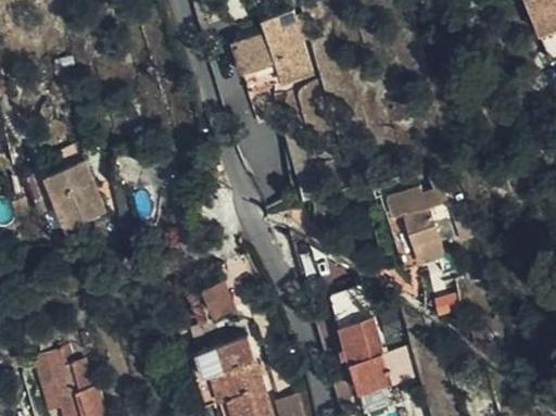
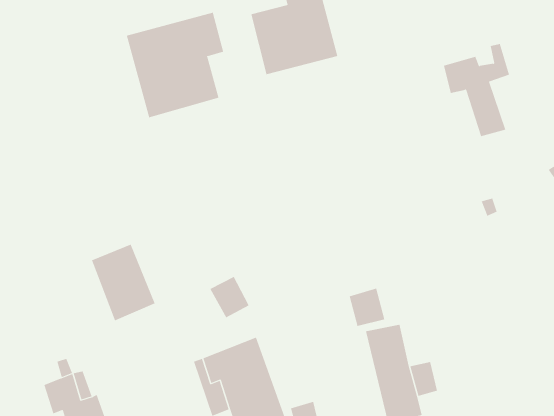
building: none -> [126,12,224,118]
building: [46,157,105,229] -> [91,244,156,321]
building: [383,176,445,263] -> [443,43,510,137]

